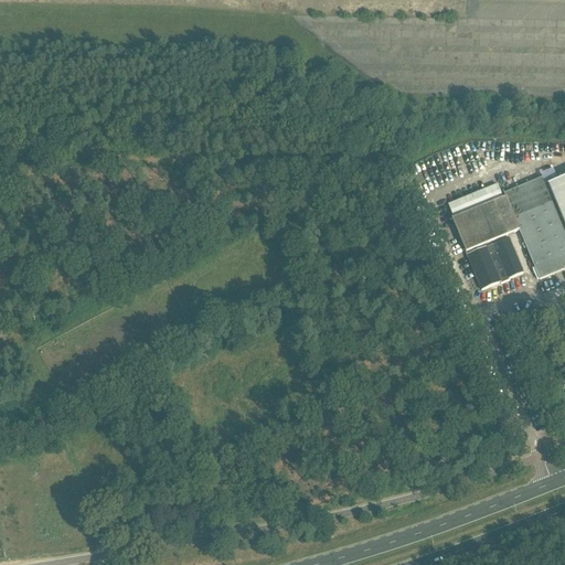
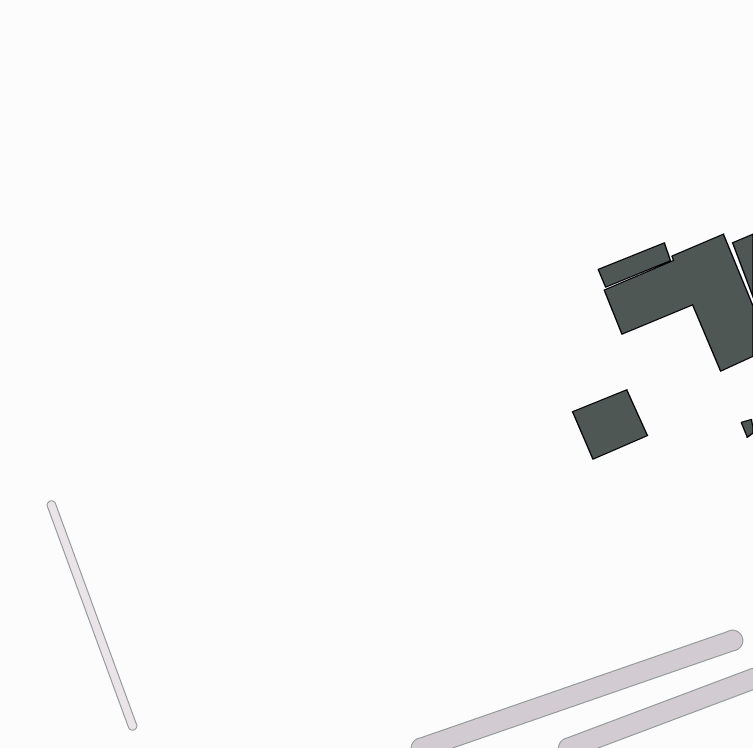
building: [467,236,523,288] -> [572,390,648,459]

